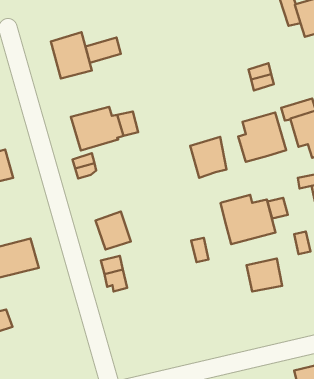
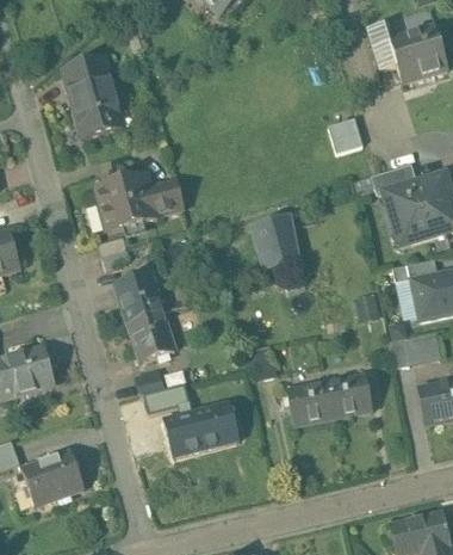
building: [85,37,121,63] -> [63,55,110,88]
building: [238,112,286,162] -> none
building: none -> [116,273,161,323]
building: [221,195,275,244] -> none
building: none -> [285,382,333,425]
building: none -> [163,403,237,456]
building: none -> [21,450,87,508]

